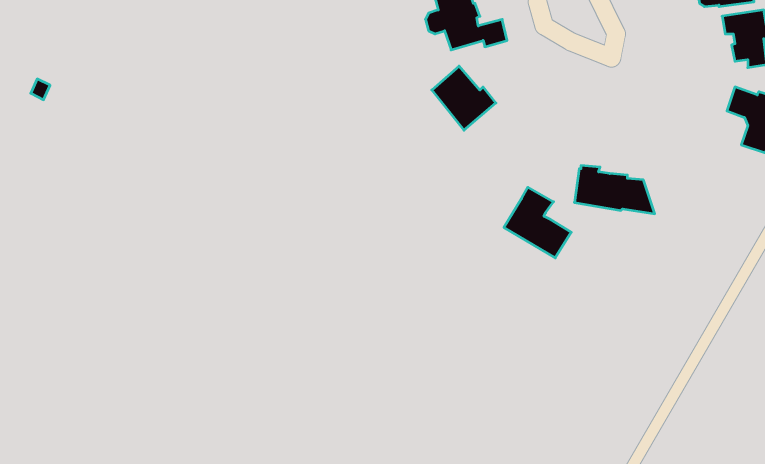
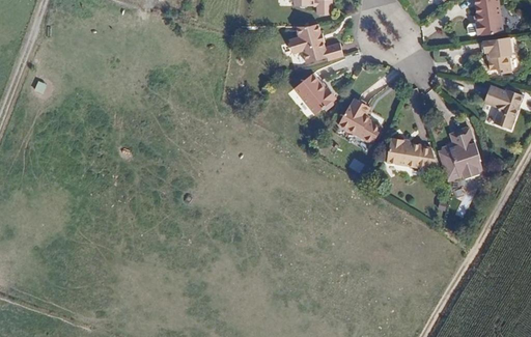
building: none -> [437,129,481,181]
building: [504,187,571,258] -> [338,99,382,144]

